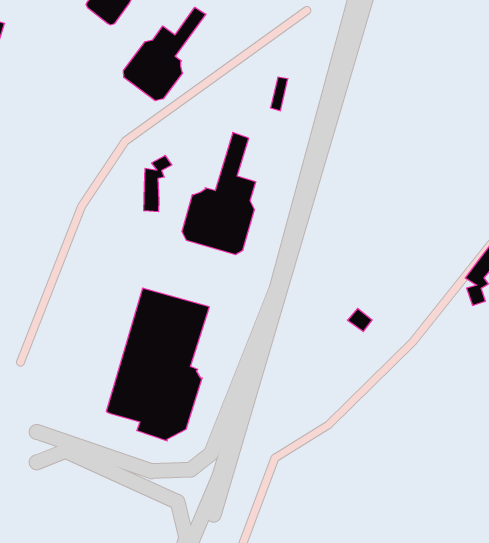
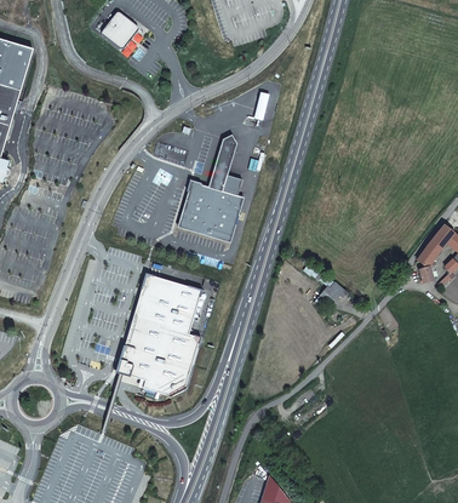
building: [123,7,206,101] -> none
building: [144,155,172,212] -> none

